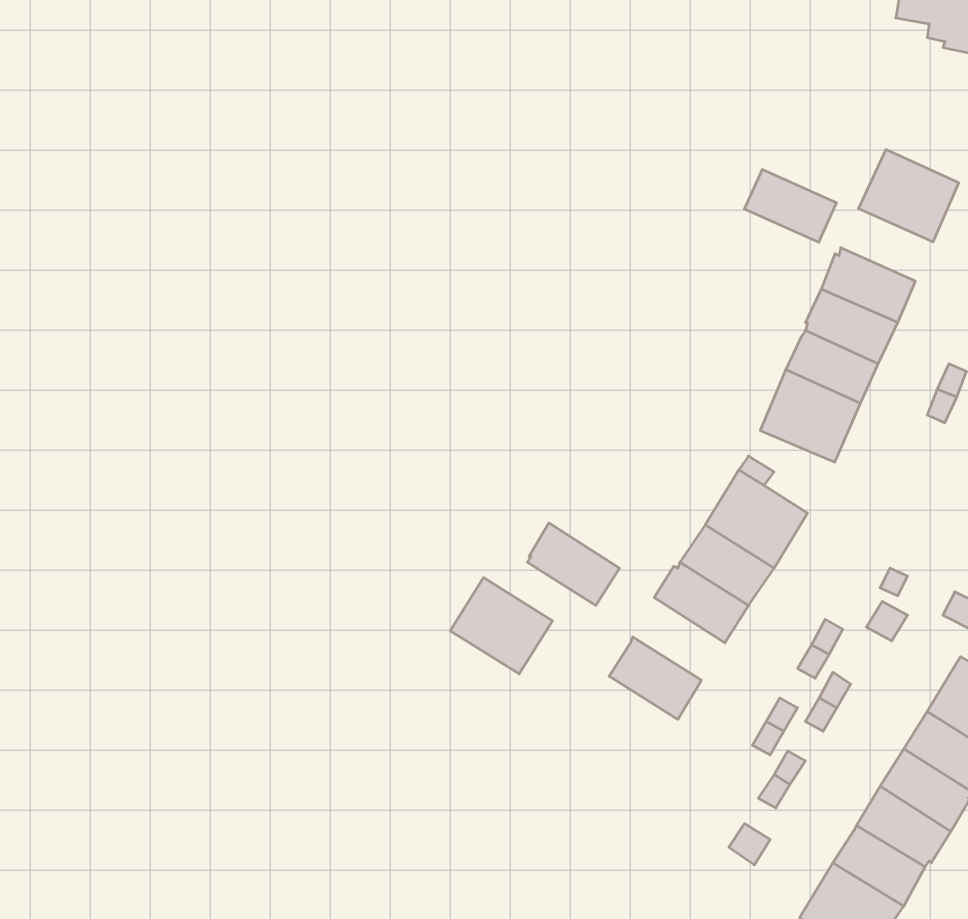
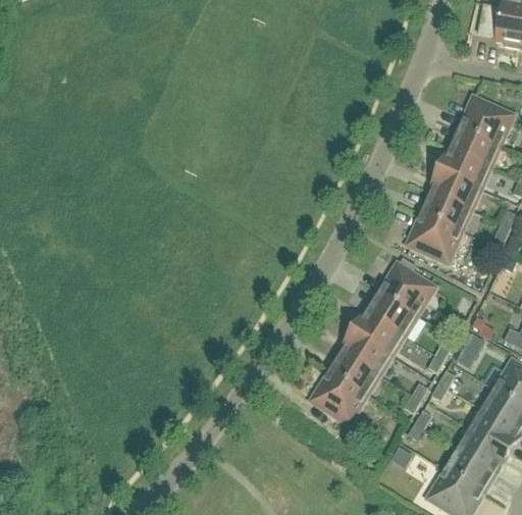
building: [744,170,837,242] -> [450,128,498,166]
building: [527,523,619,605] -> [342,330,389,373]
building: [450,578,552,674] -> [312,371,365,421]

